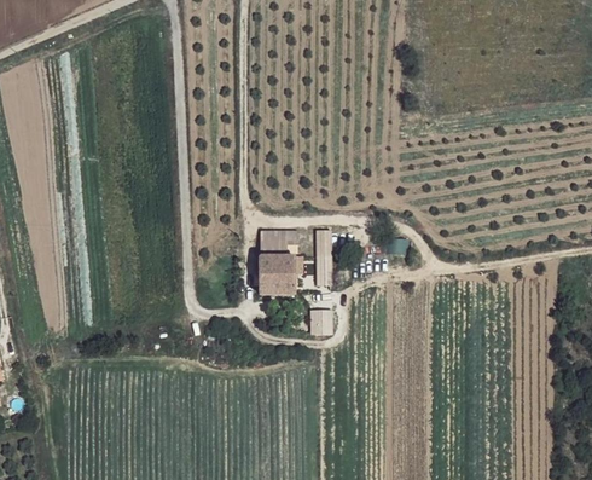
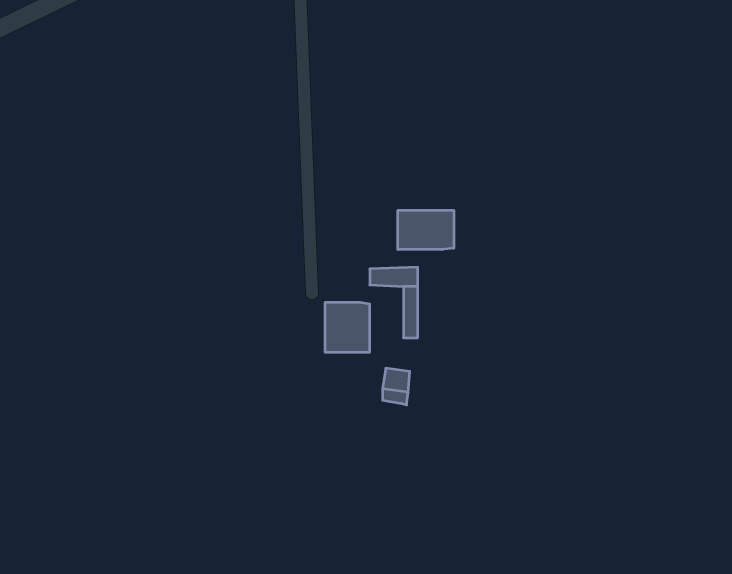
building: none -> [398,210,454,250]
building: [261,232,295,258] -> none

